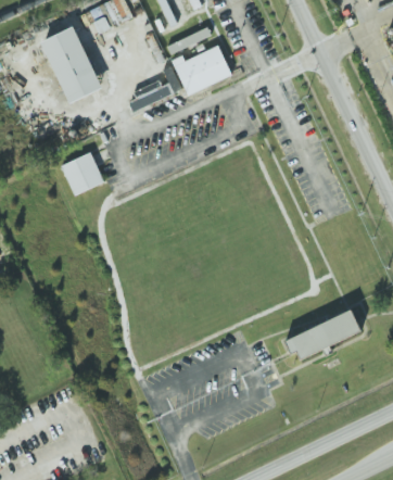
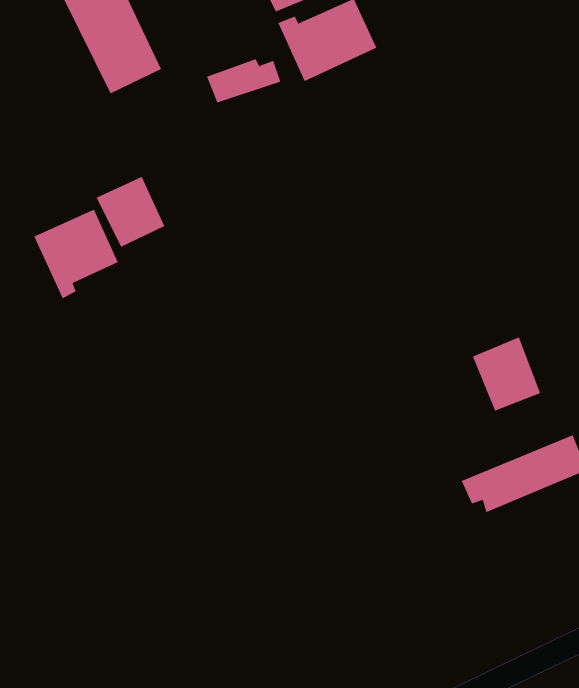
building: none -> [33,209,119,299]
building: none -> [472,337,541,412]

